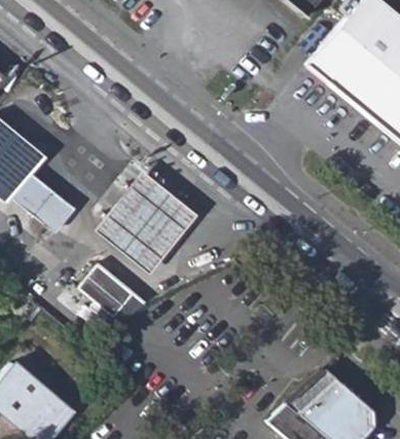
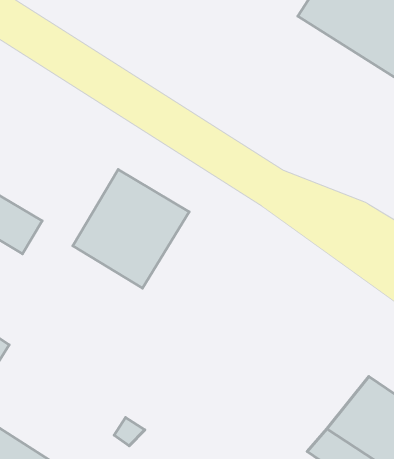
building: [69,256,136,322] -> none

